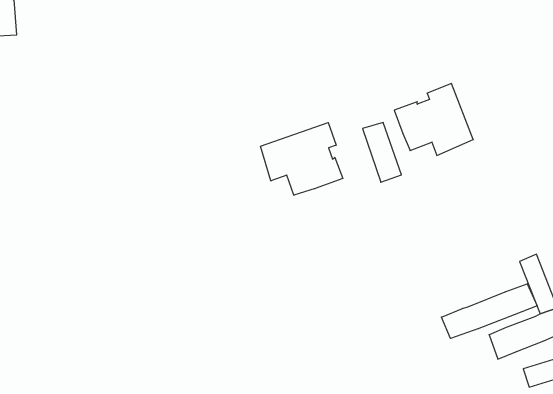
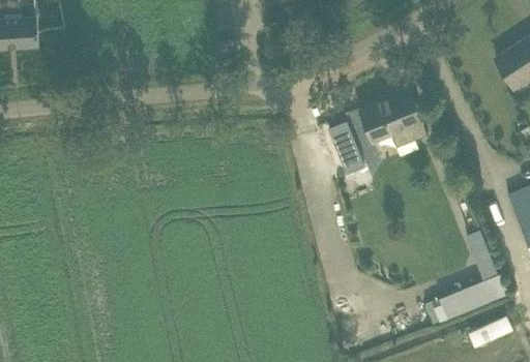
building: [260,123,343,195] -> none
building: [441,284,537,338] -> none

